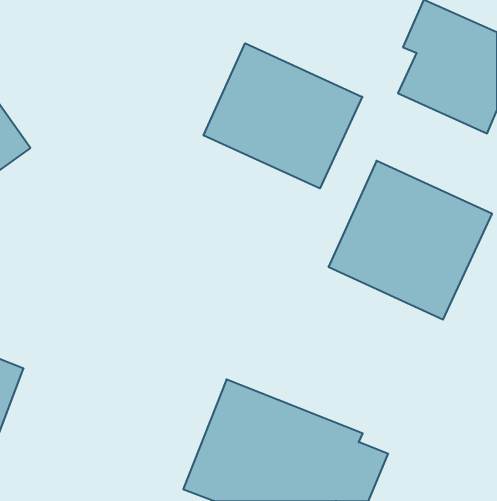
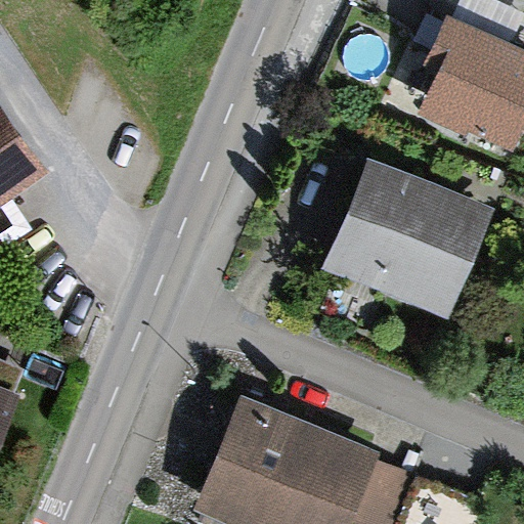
building: [204,43,362,188] -> none

